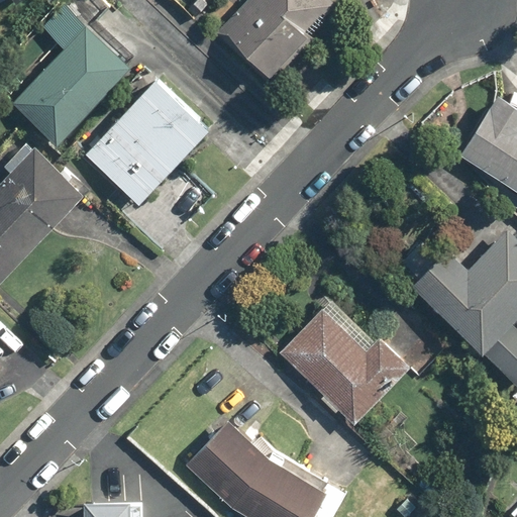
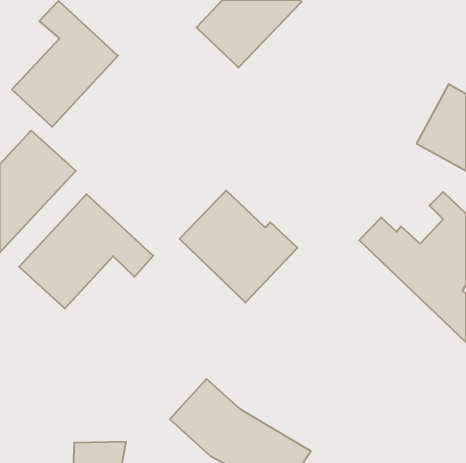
building: [87,81,209,204] -> none
building: none -> [19,194,153,309]
building: [281,301,411,425] -> [180,190,297,303]

